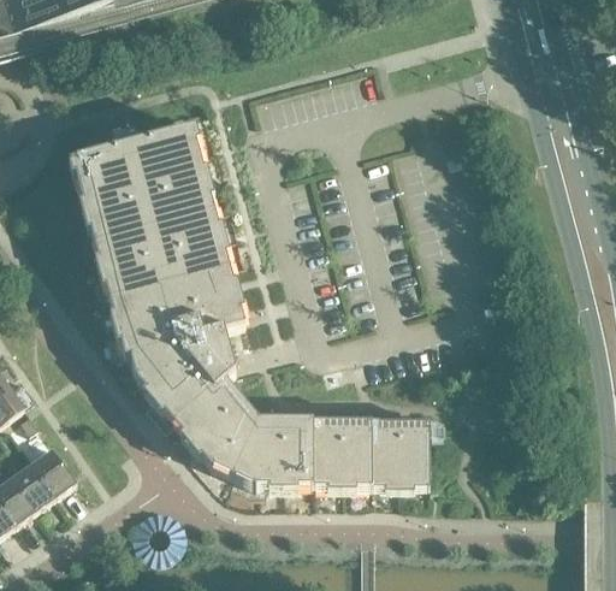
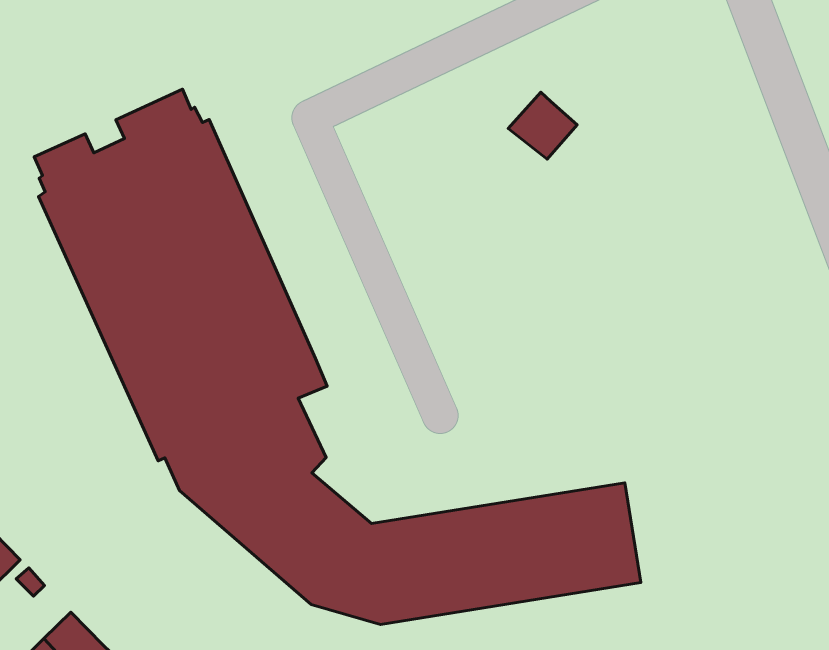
building: none -> [508,92,577,159]

